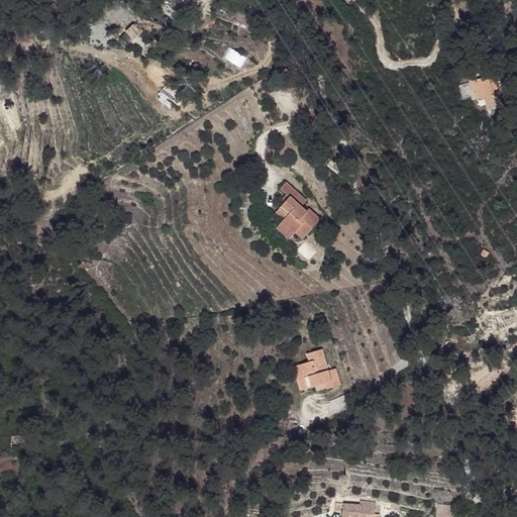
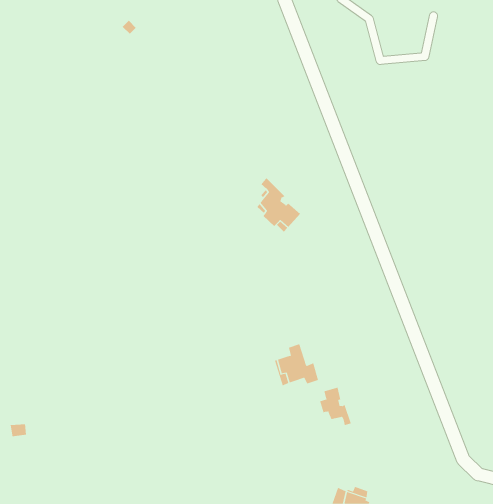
building: none -> [320,387,351,426]

